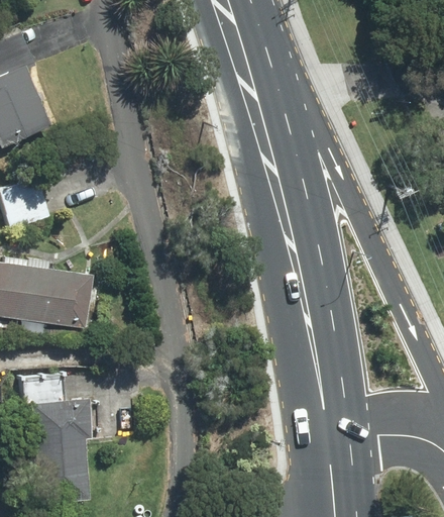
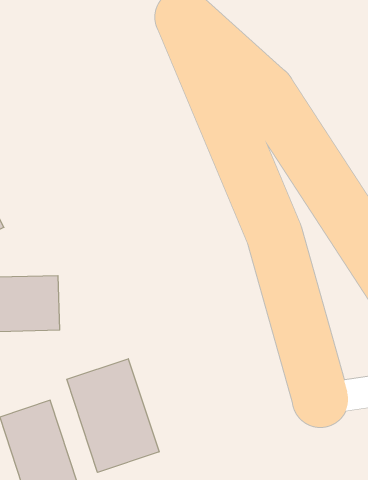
building: none -> [67,359,159,472]

